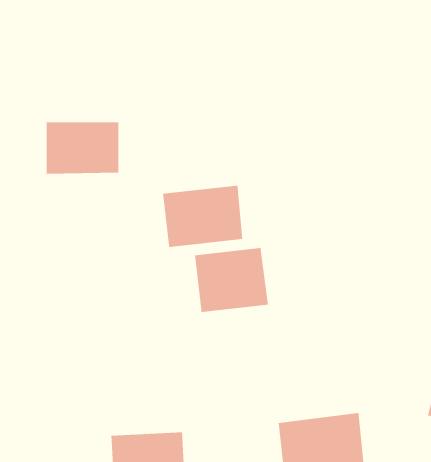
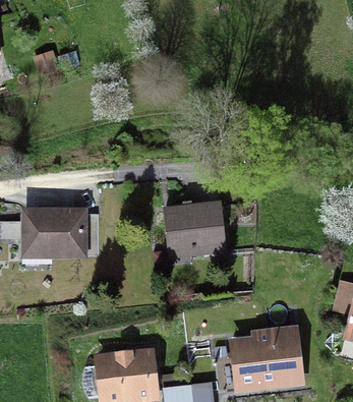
building: [46,122,119,174] -> [22,211,80,252]
building: [162,185,243,248] -> none

